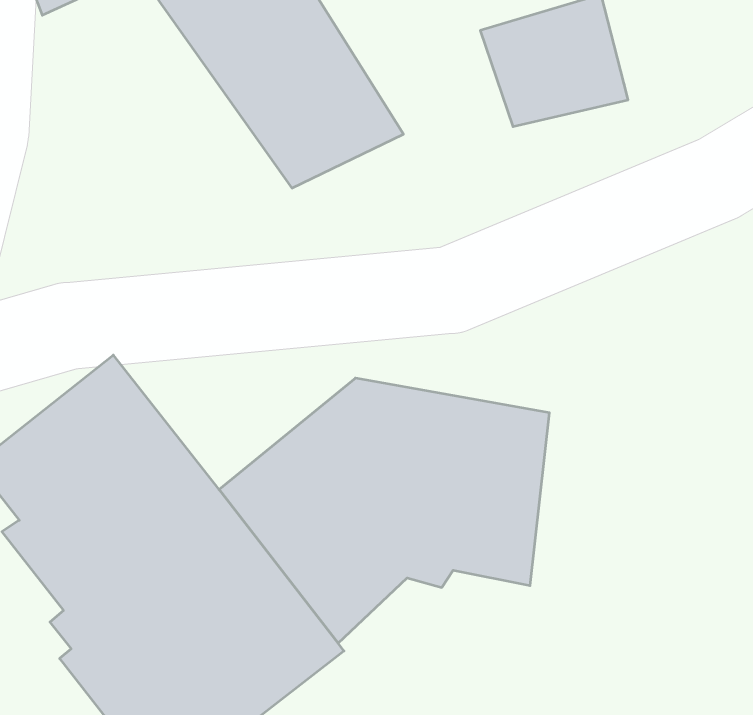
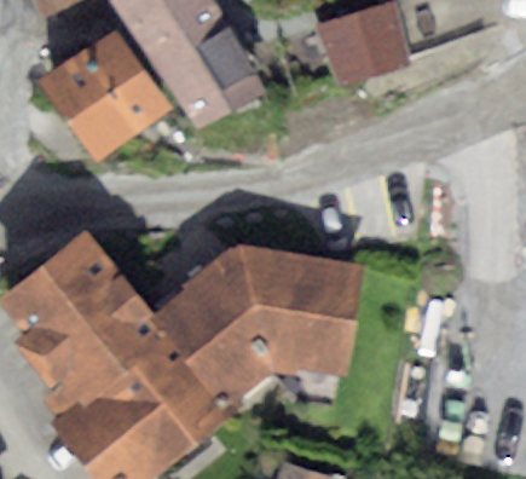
building: none -> [37,30,177,165]

